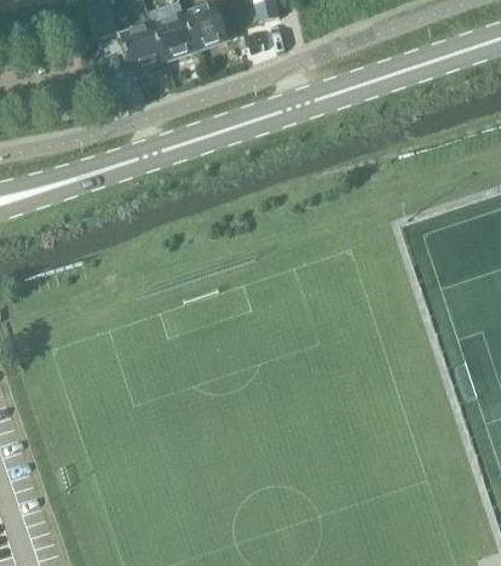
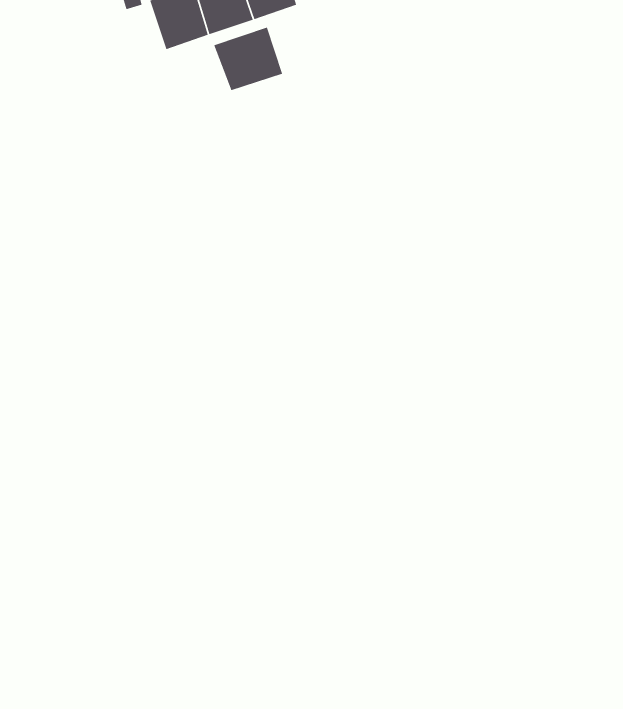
building: none -> [213,27,283,91]

